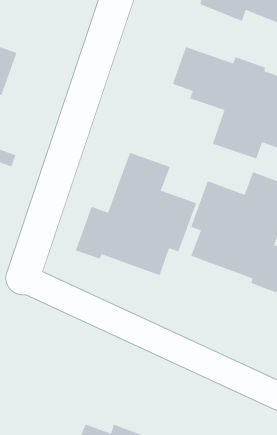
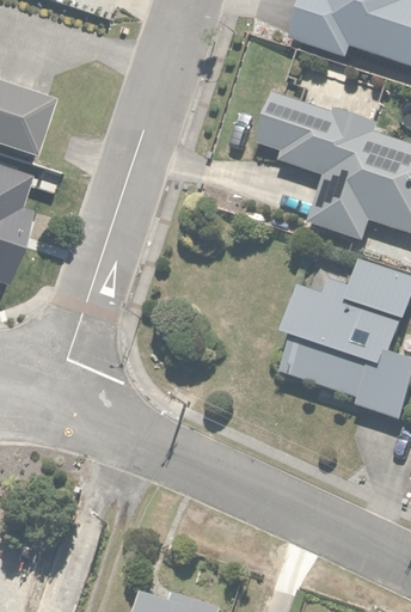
building: [75,152,197,276] -> none

